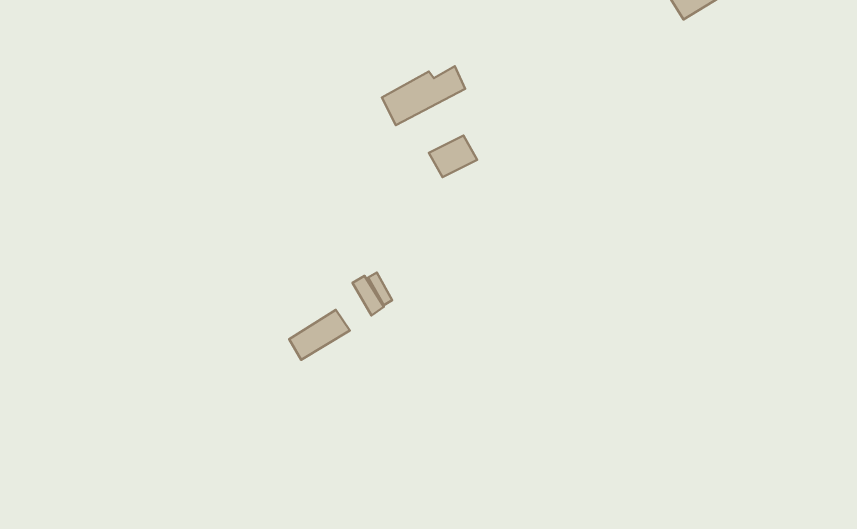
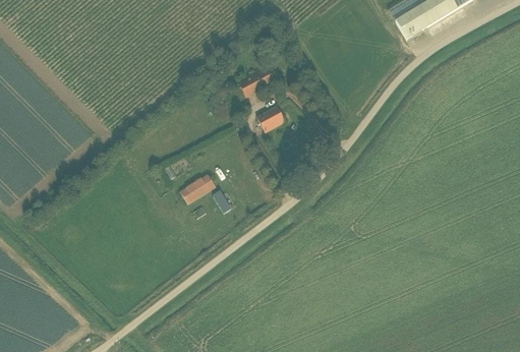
building: [289,310,350,360] -> [179,173,215,202]

